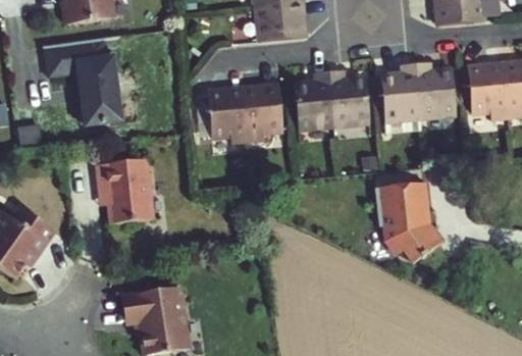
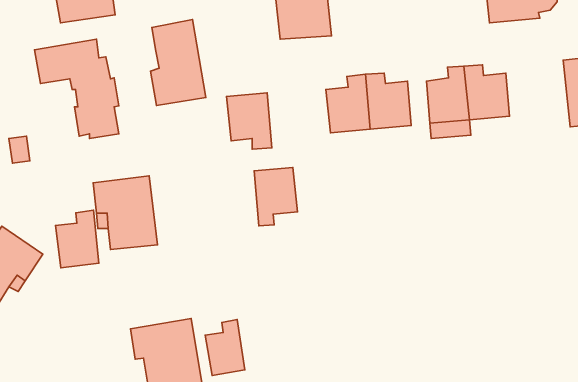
building: none -> [150,20,206,105]
building: [470,59,510,118] -> none
building: [246,85,283,136] -> [254,167,298,226]
building: [377,183,440,263] -> none
building: none -> [55,210,99,268]
building: none -> [205,319,245,376]

